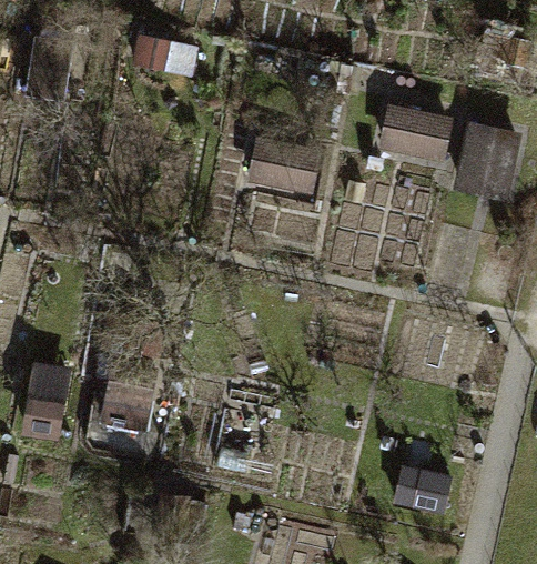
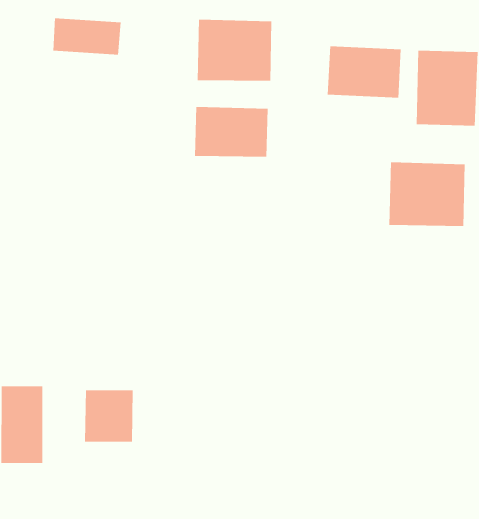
building: none -> [197,19,272,82]
building: none -> [389,161,465,227]

